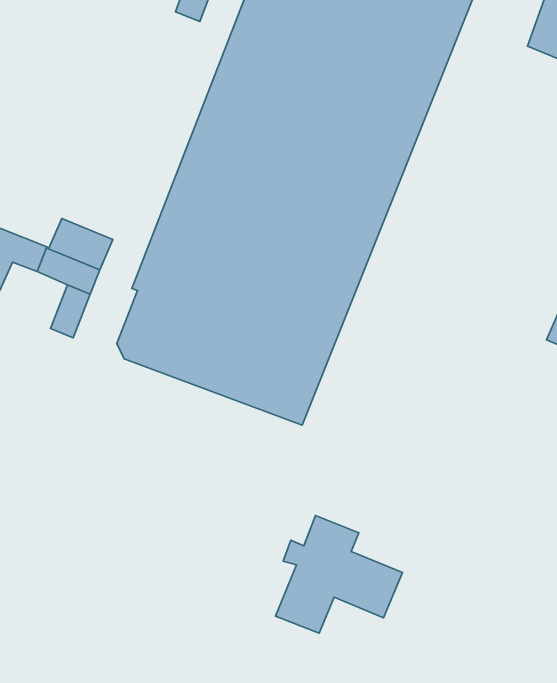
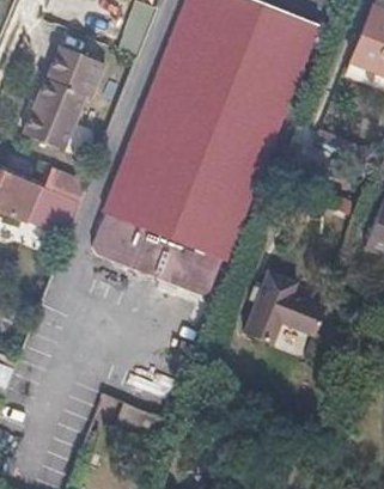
building: none -> [24,47,105,149]
building: [276,516,402,633] -> [244,269,324,343]

